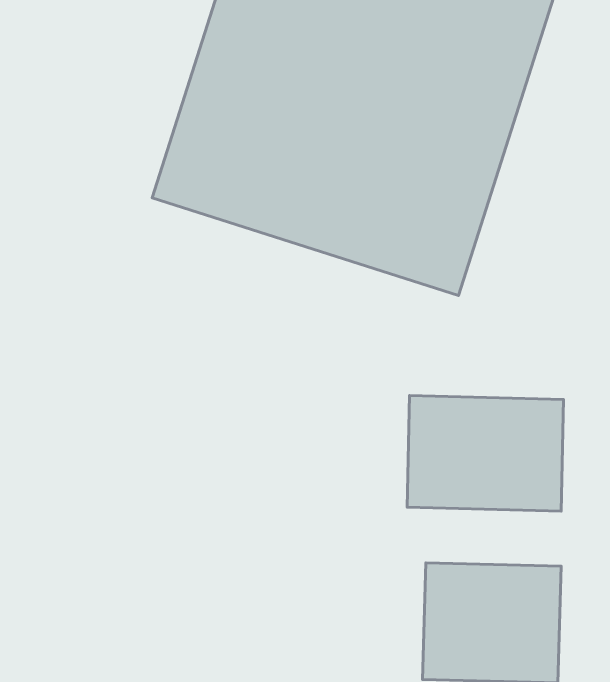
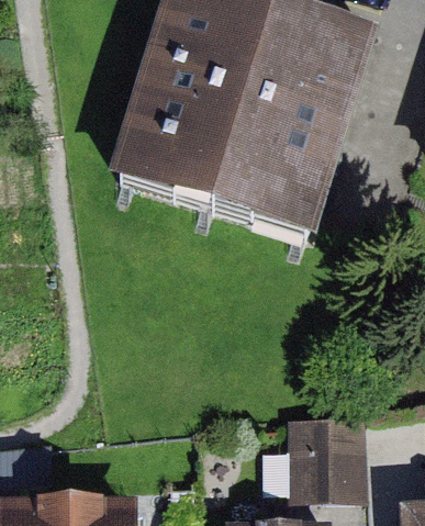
building: [407,395,564,511] -> none

